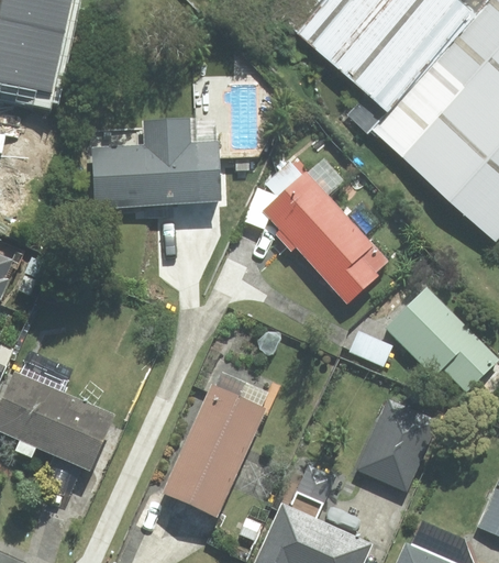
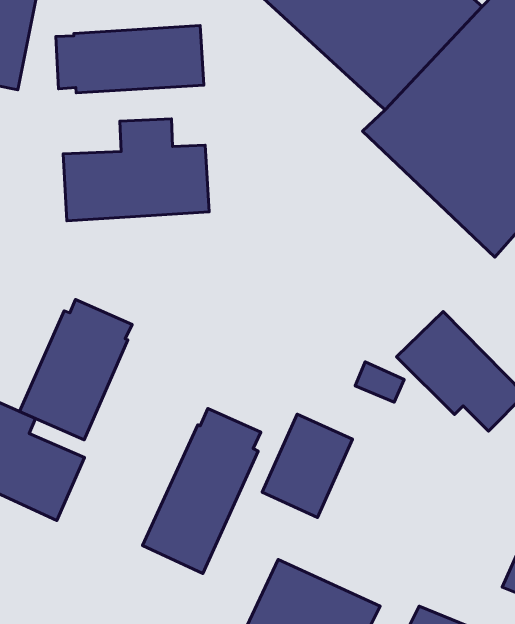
building: none -> [56,26,204,93]
building: [264,158,387,303] -> none
building: none -> [19,299,132,440]
building: [358,401,437,492] -> [262,414,353,517]

